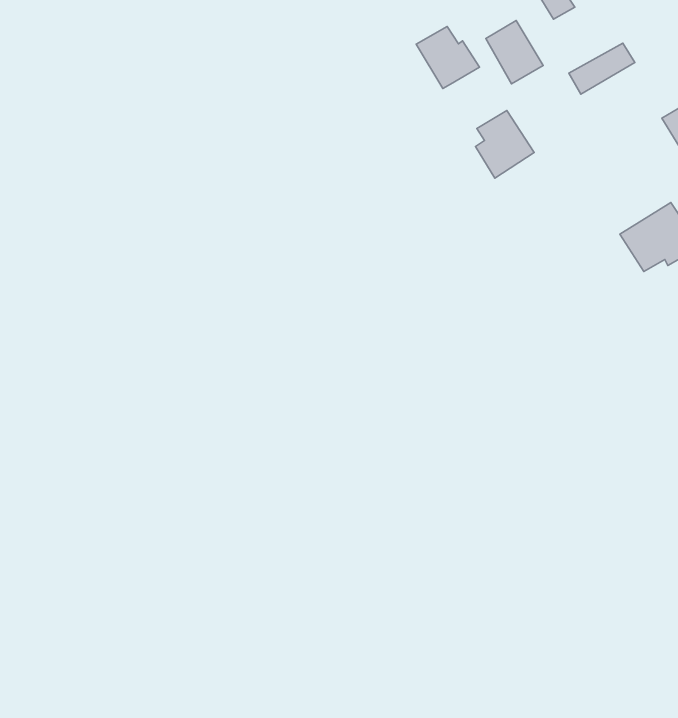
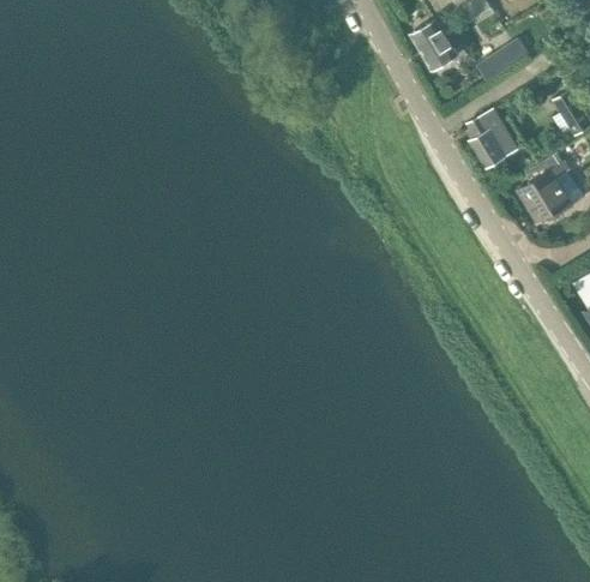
building: [416,26,480,88] -> none
building: [475,110,534,178] -> [469,112,516,166]

